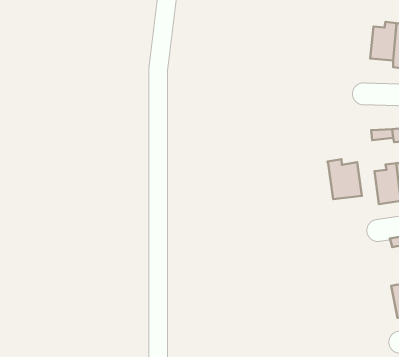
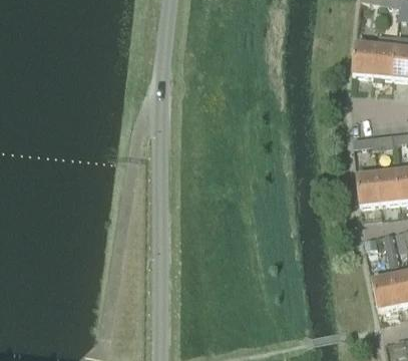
building: [328,159,362,199] -> none

